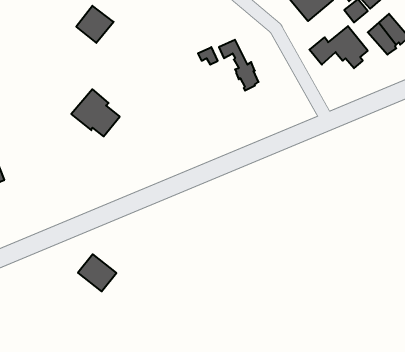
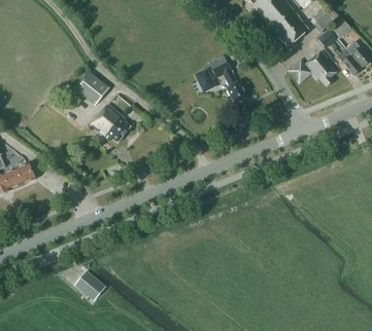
building: [76,6,114,43] -> [78,74,109,105]
building: [78,254,116,291] -> [74,269,106,300]

